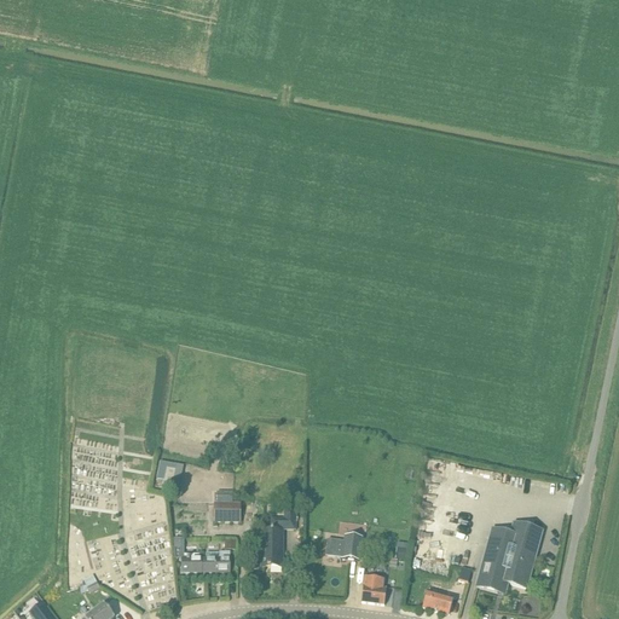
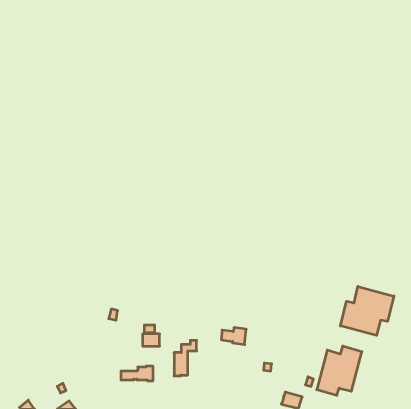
building: none -> [340,286,394,335]
building: [326,532,364,557] -> [221,328,246,345]
building: [363,574,387,602] -> none

